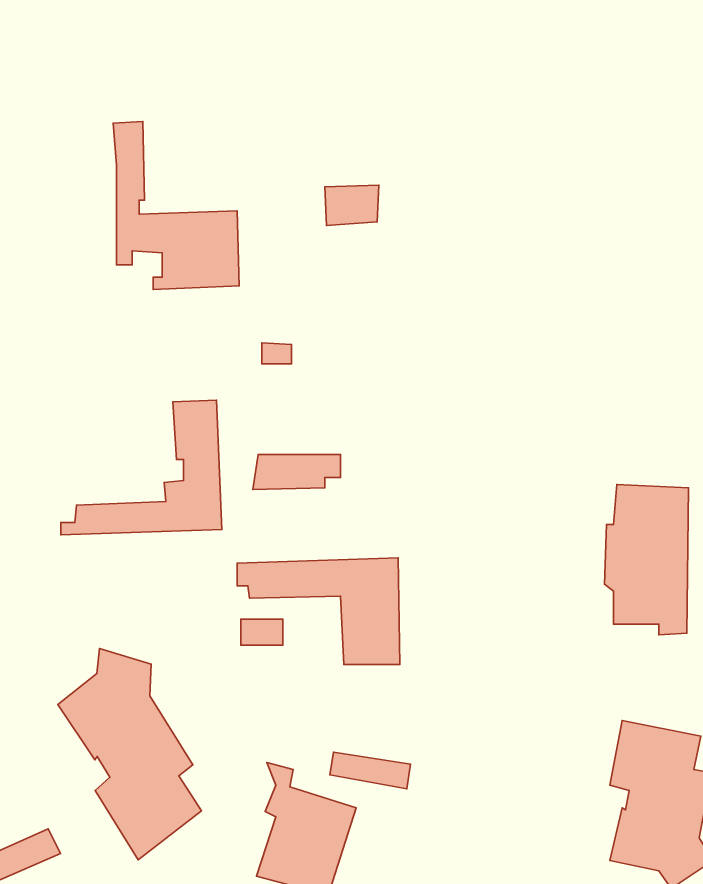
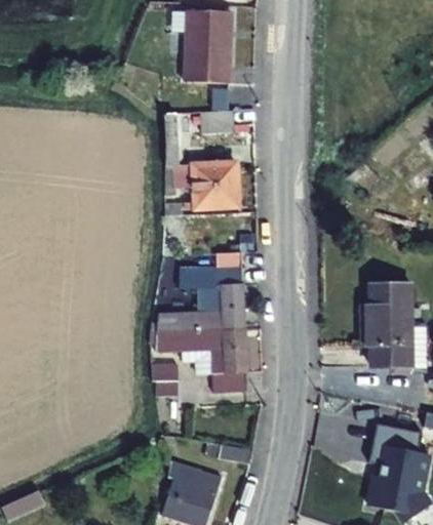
building: none -> [186,10,232,83]
building: [113,122,239,289] -> [163,111,237,209]
building: [61,400,222,535] -> [150,252,244,331]
building: [58,649,201,860] -> none

